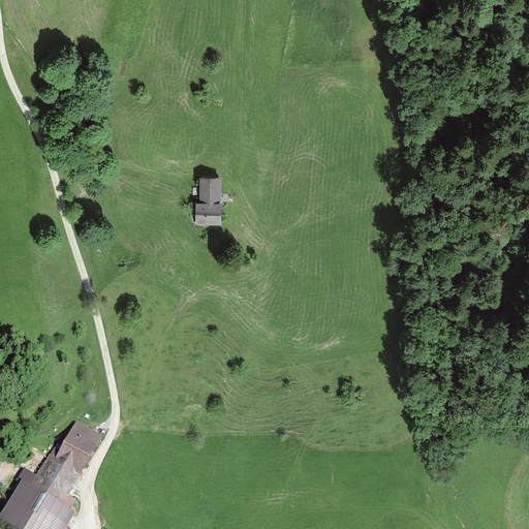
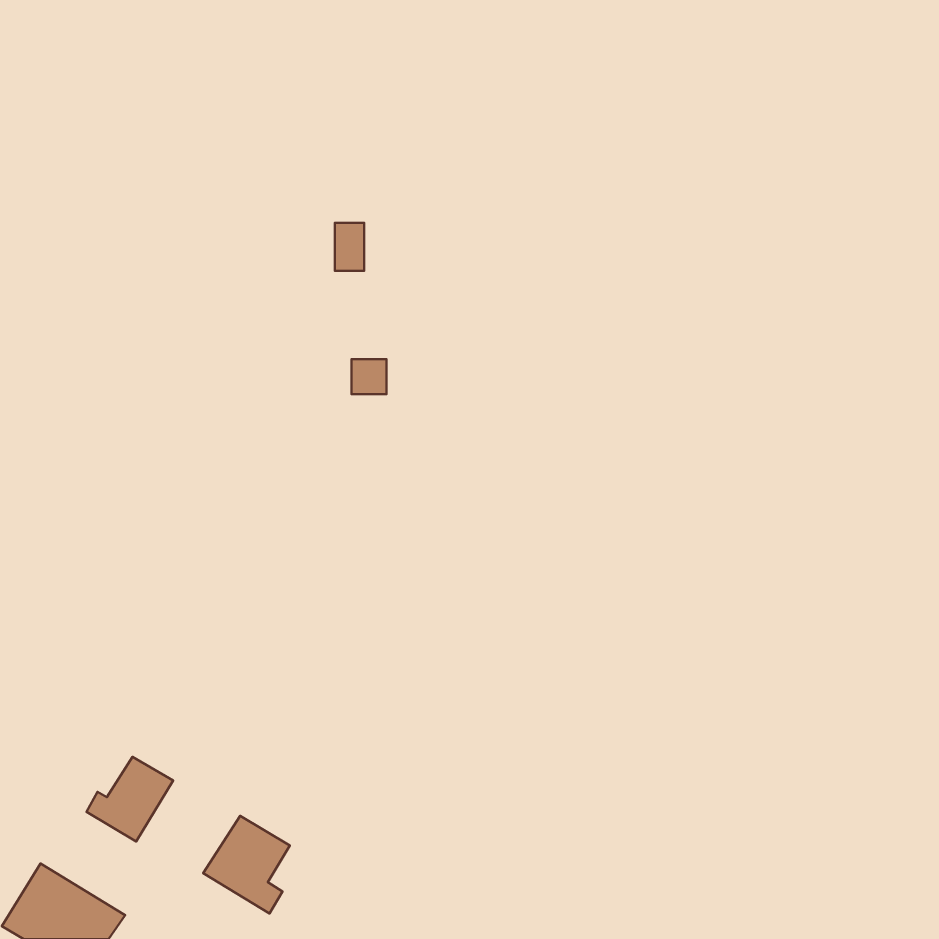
building: [201,175,218,201] -> [335,223,364,271]
building: [29,456,77,510] -> [203,816,290,914]

